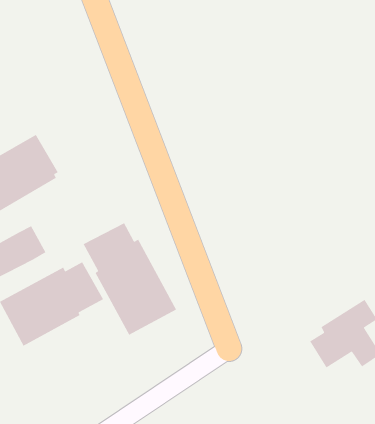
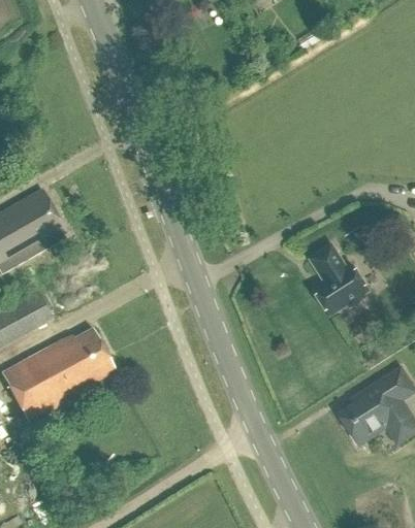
building: none -> [310,245,370,318]
building: [83,222,177,336] -> none

